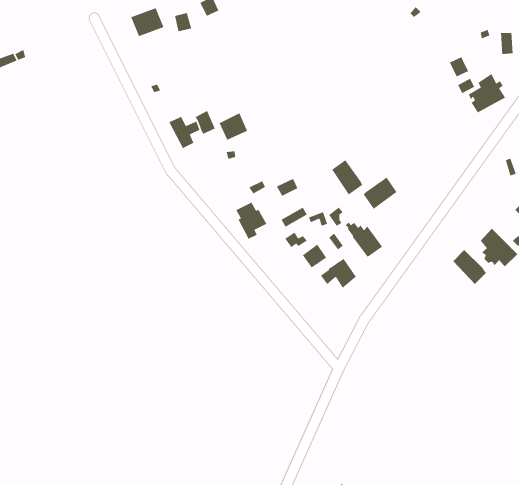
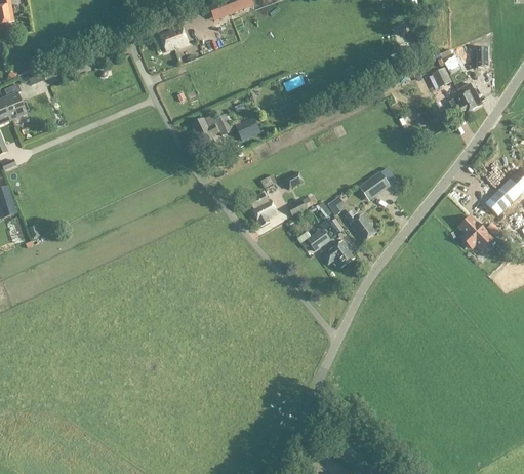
building: [331,159,363,196] -> none
building: [452,249,487,285] -> none

